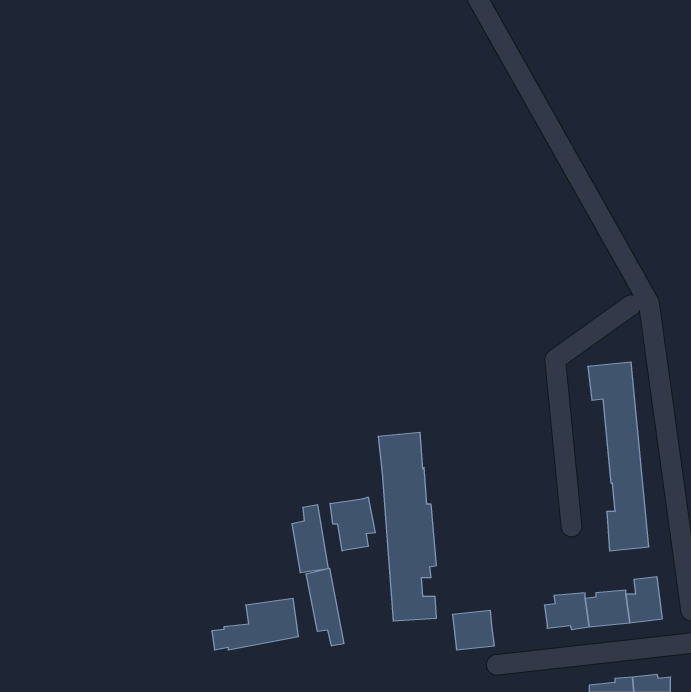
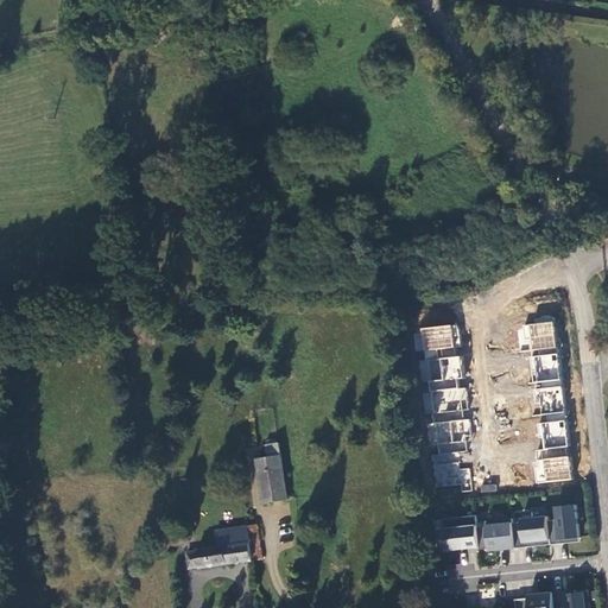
building: [378,432,436,621] -> [418,323,469,488]
building: [330,497,375,551] -> none
building: [306,568,344,646] -> none
building: [452,610,494,650] -> [442,517,479,551]

